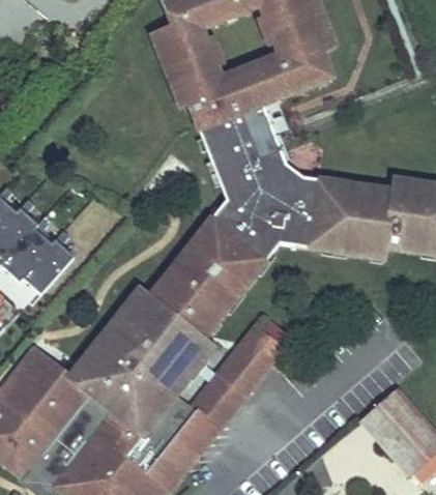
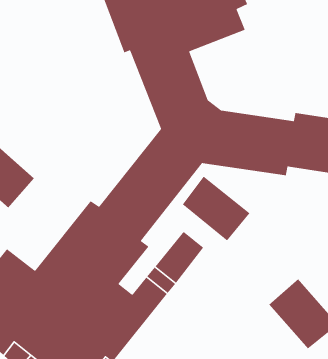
building: none -> [182,175,250,241]

